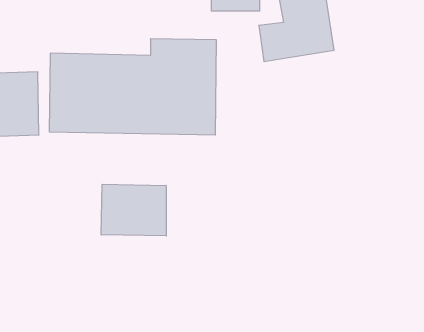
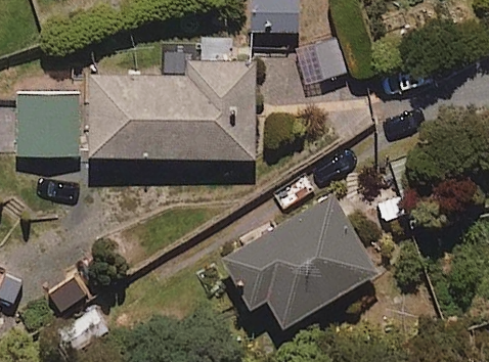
building: none -> [221,195,375,325]
building: [101,184,166,236] -> none

